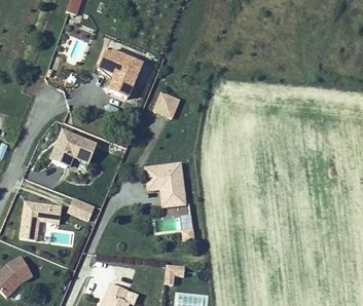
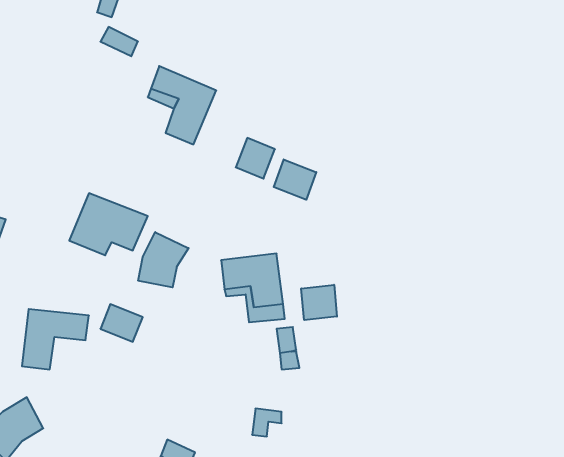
building: none -> [274,159,316,200]
building: none -> [138,232,189,287]
building: none -> [301,285,337,320]

